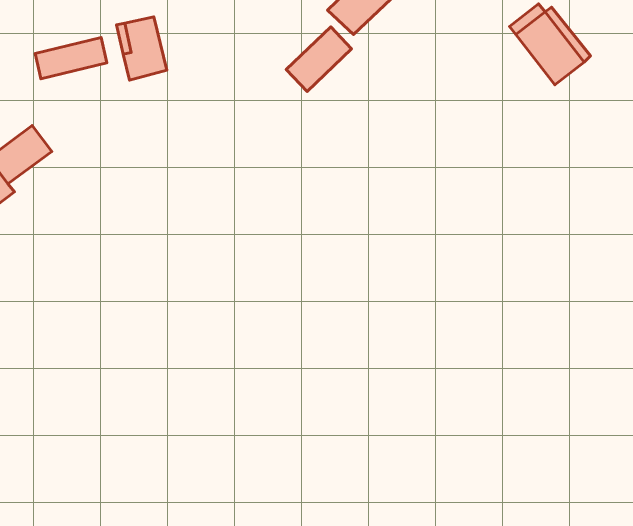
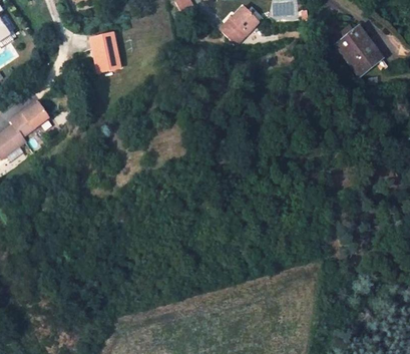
building: [286,27,352,91] -> none
building: [35,38,107,79] -> none

